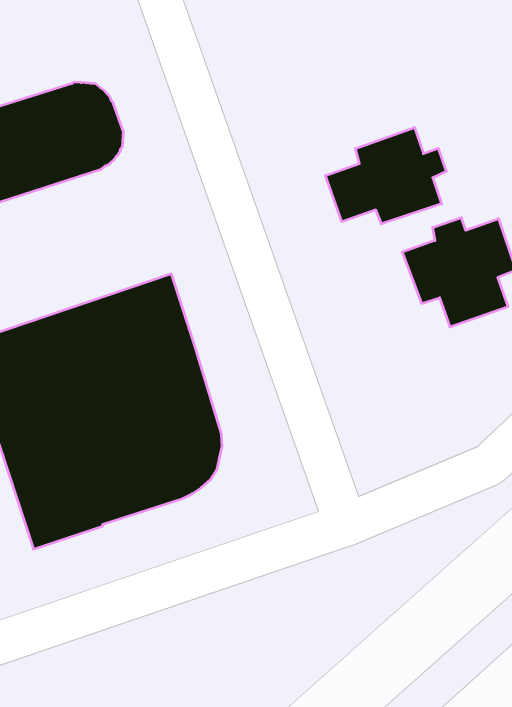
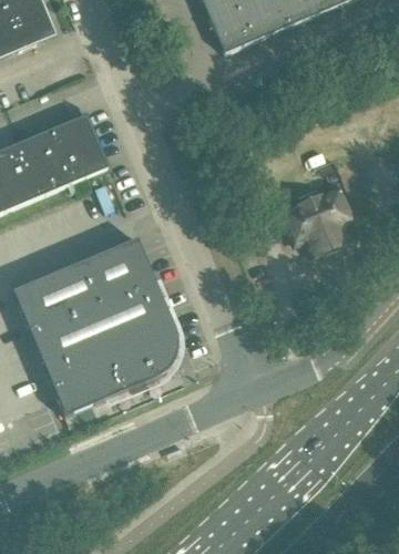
building: [326,127,446,224] -> none

